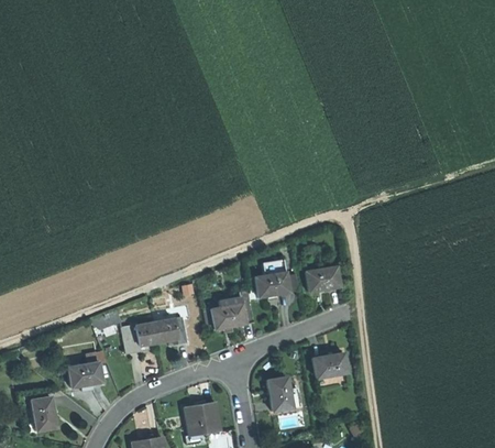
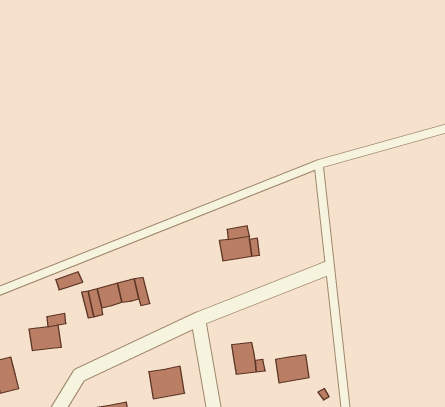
building: [306,267,340,293] -> none
building: [210,289,254,331] -> none
building: [312,350,345,378] -> [276,355,309,383]

